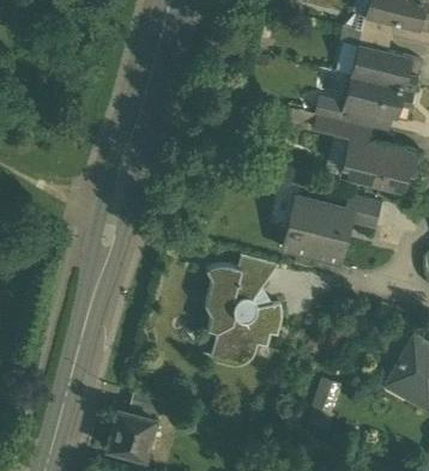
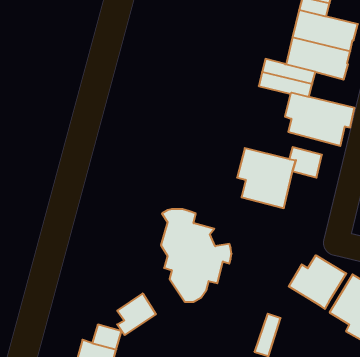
building: [235,254,278,285] -> none
building: none -> [289,255,346,309]
building: none -> [117,293,156,335]

